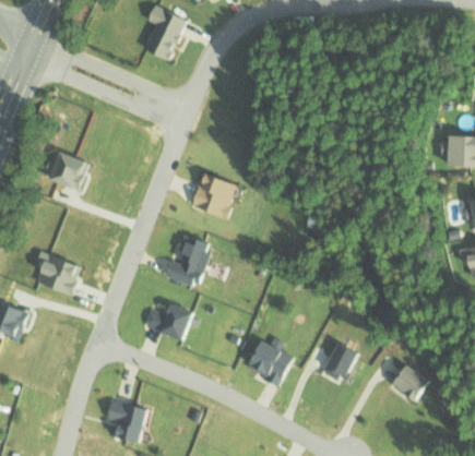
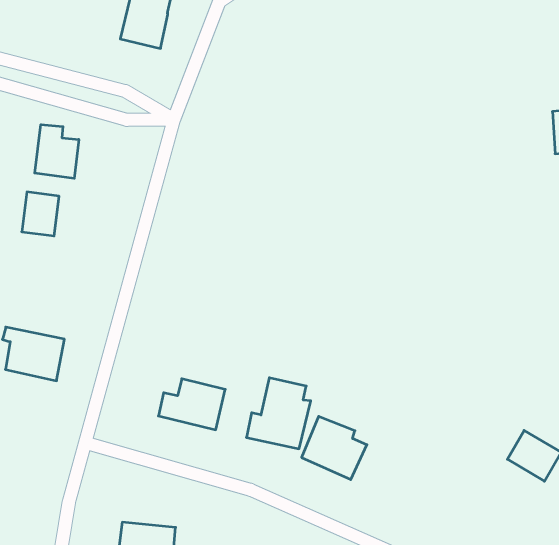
building: none -> [35,125,79,178]
building: [189,170,236,218] -> none
building: [162,233,211,287] -> [246,378,311,449]
building: [324,341,360,383] -> none

